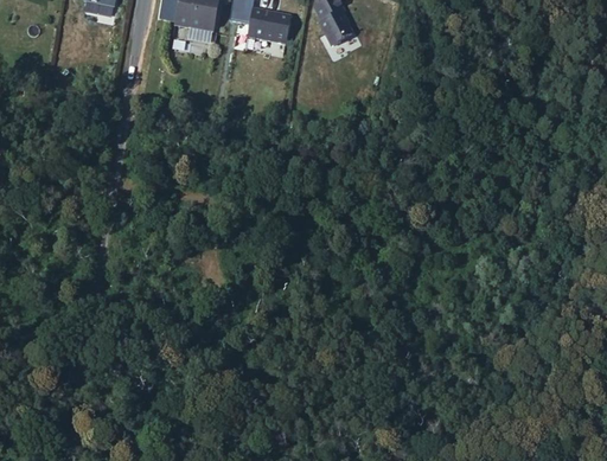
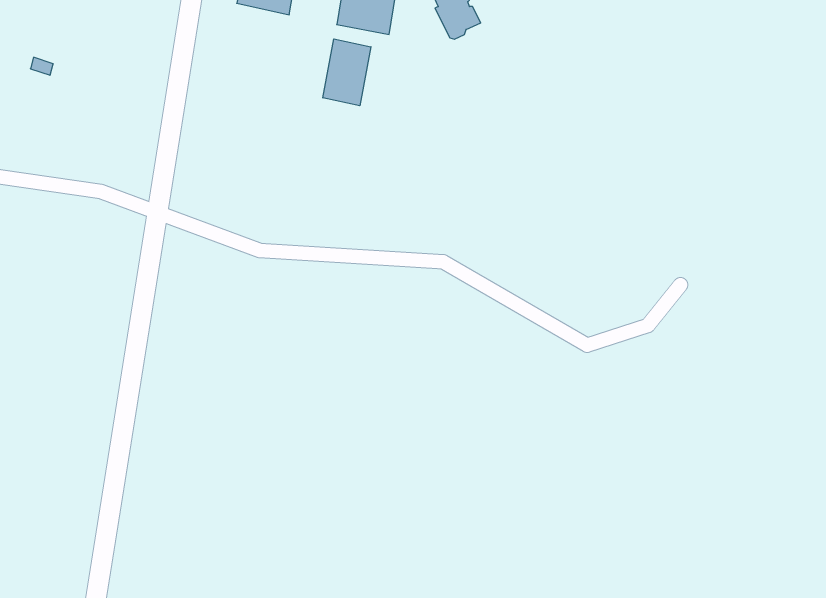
building: none -> [323,39,371,106]

